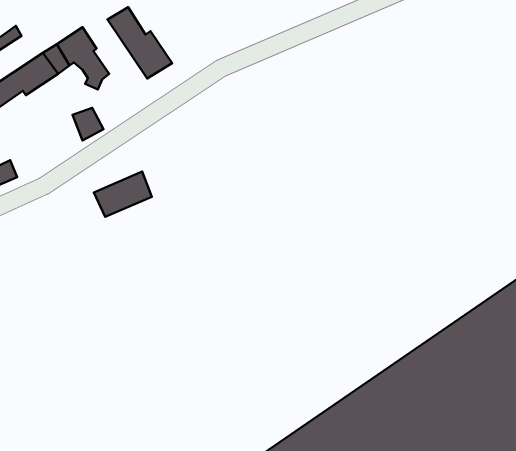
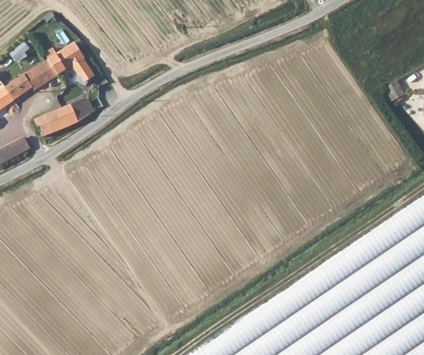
building: [108,7,172,79] -> none
building: [94,171,152,217] -> [36,105,77,137]

